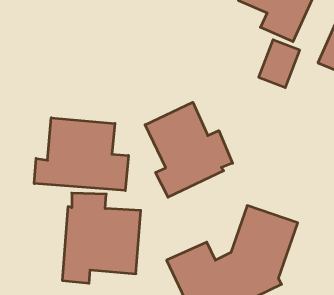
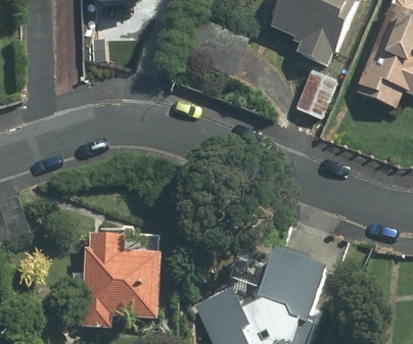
building: [145,102,233,197] -> none
building: [34,118,128,191] -> none

